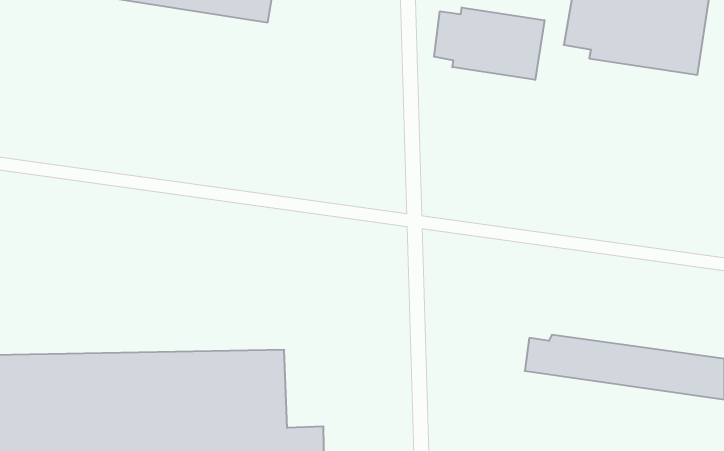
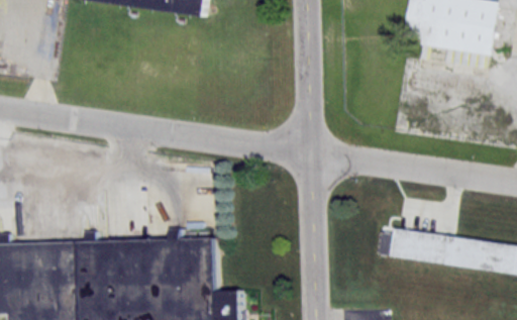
building: [434,7,544,80] -> none

